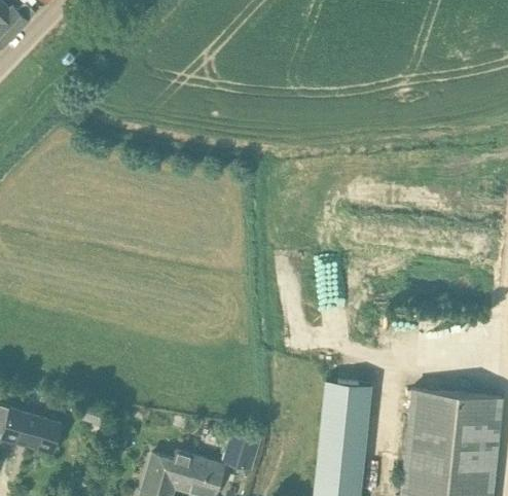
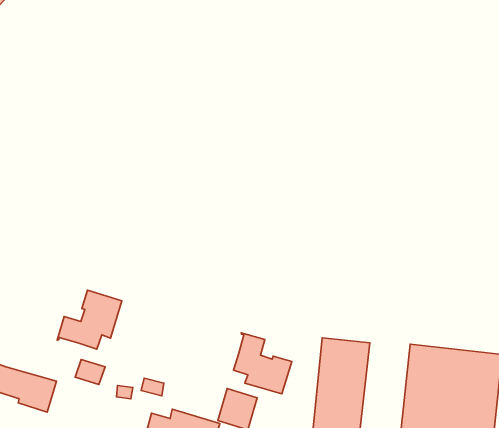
building: none -> [57,290,122,349]
building: none -> [233,333,292,394]

